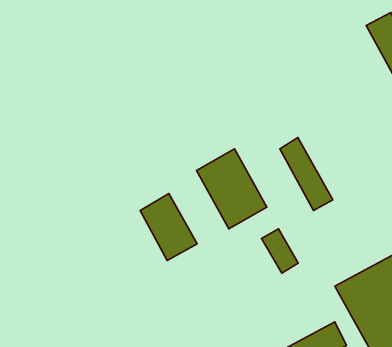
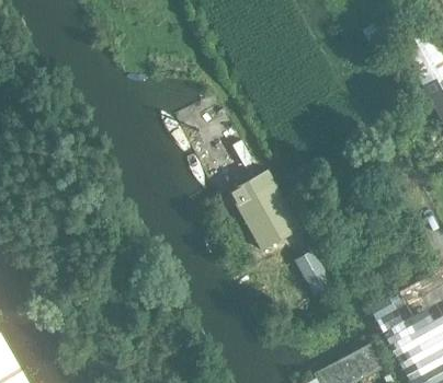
building: [280,137,333,210] -> none
building: [140,193,197,260] -> none

